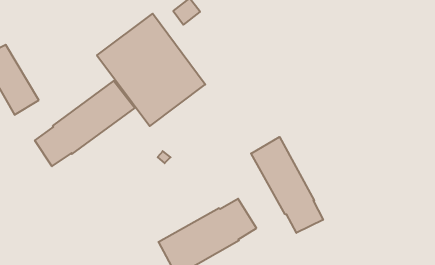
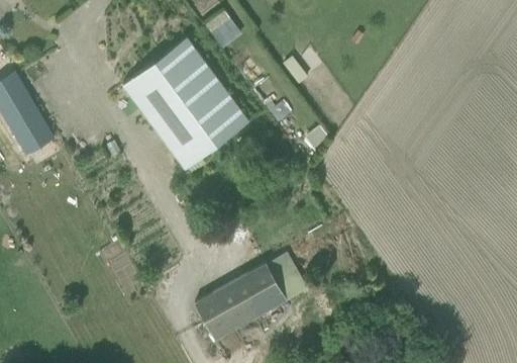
building: [35,81,135,166] -> none
building: [251,137,323,233] -> none

